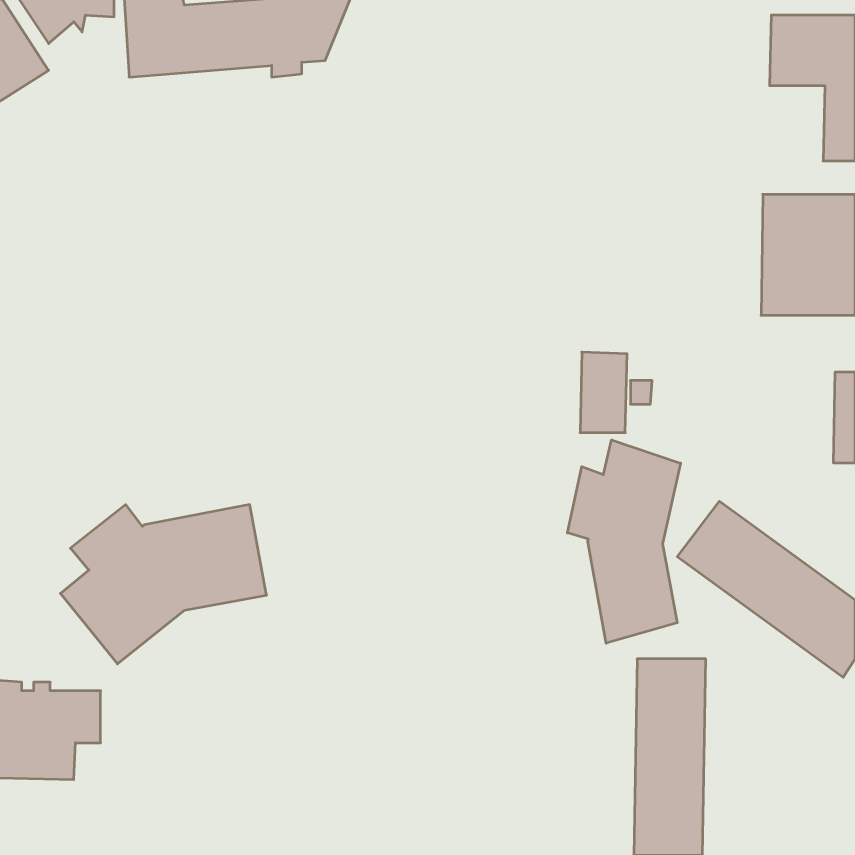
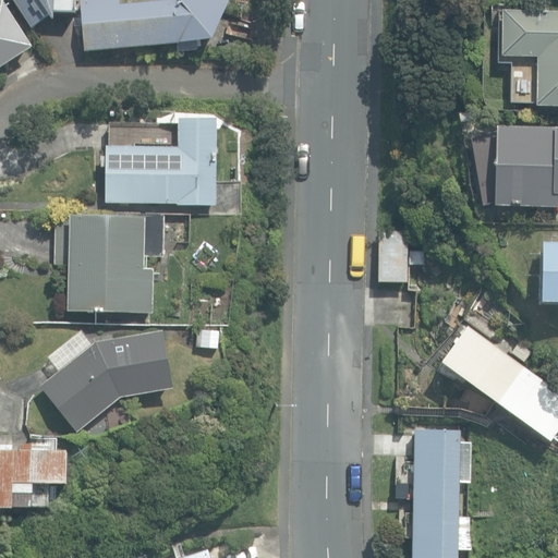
building: none -> [106,119,215,205]
building: none -> [56,214,165,313]
building: [567,440,681,643] -> none

